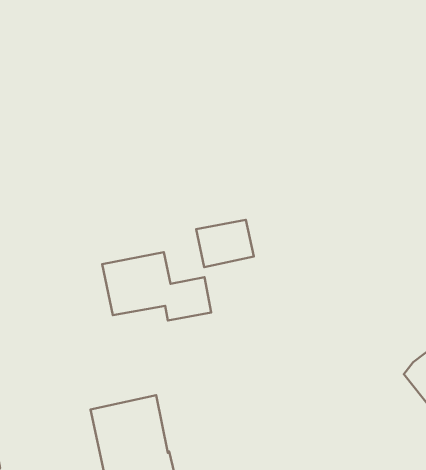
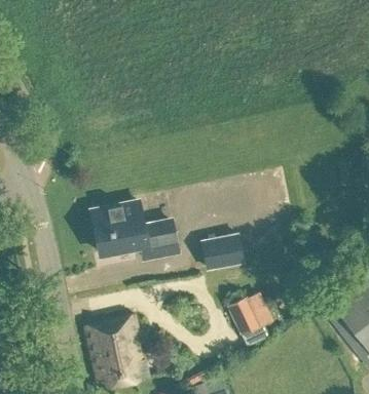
building: [196,220,254,267] -> [200,234,246,271]
building: none -> [227,298,262,338]

